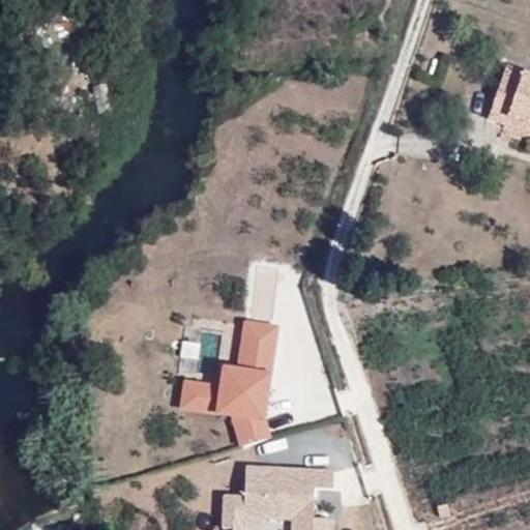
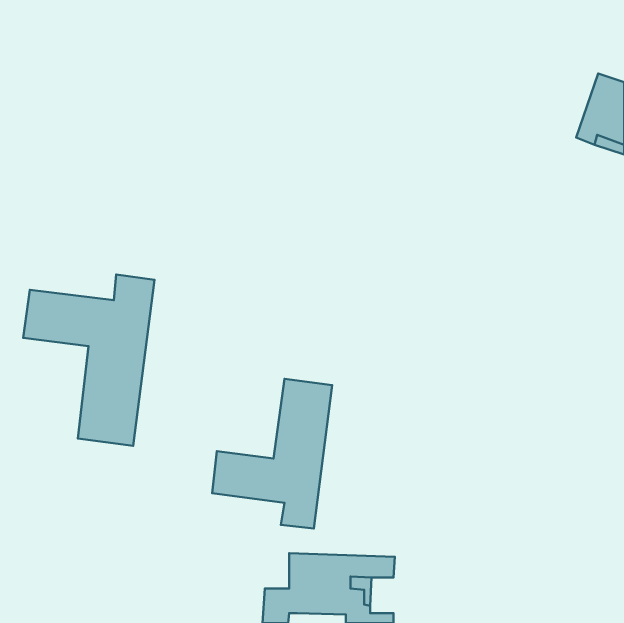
building: none -> [23,274,155,446]

